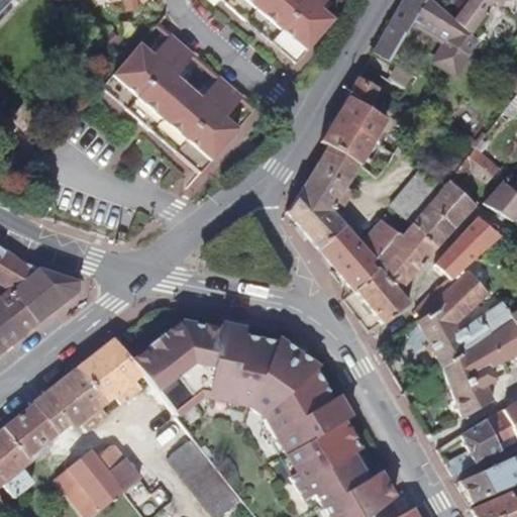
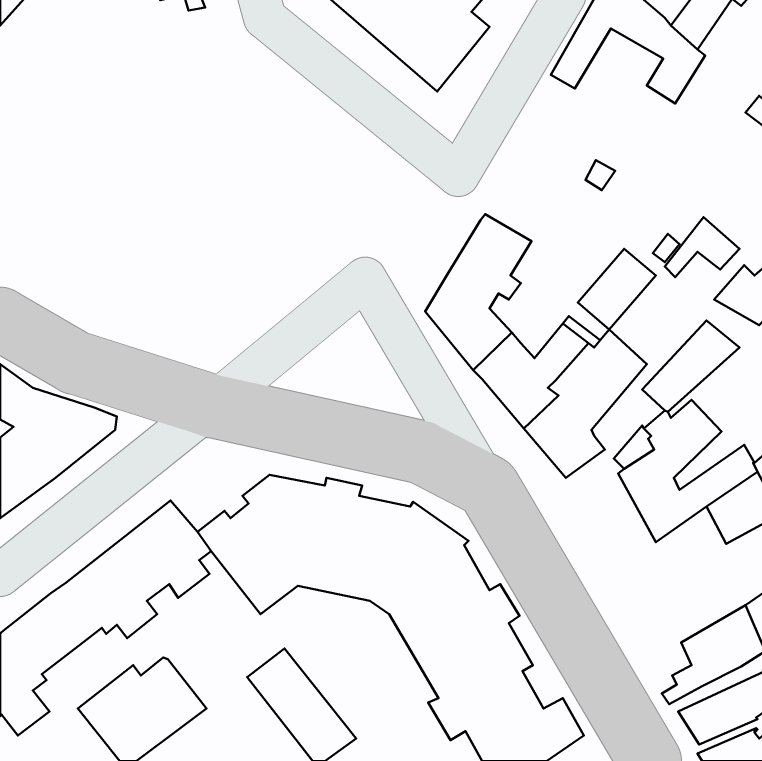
building: [108,32,245,172] -> none
building: [321,76,387,164] -> none
building: [413,180,477,245] -> none
building: [444,341,497,417] -> none

